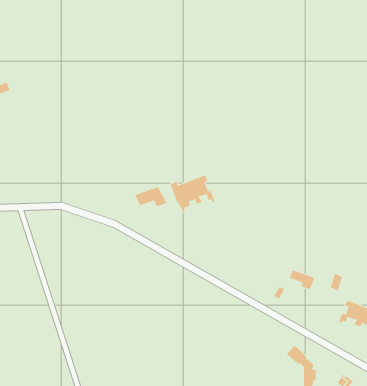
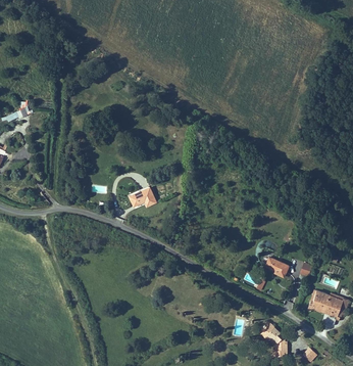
building: [170,175,215,213] -> none

